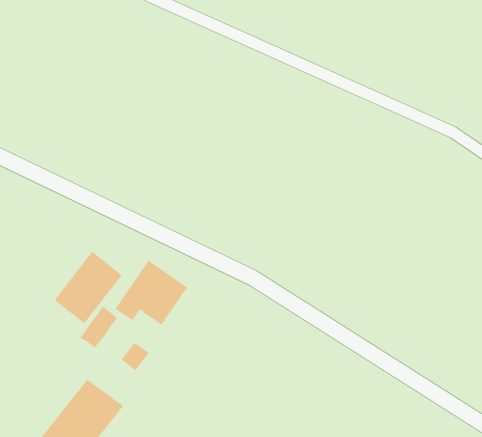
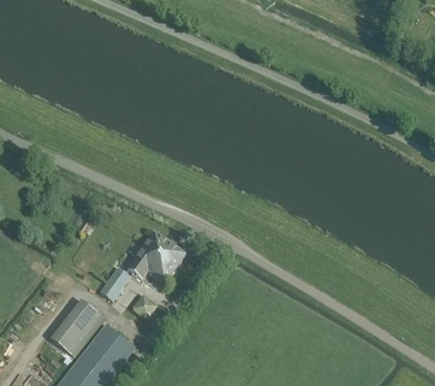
building: [54,251,122,324] -> [50,299,105,357]

